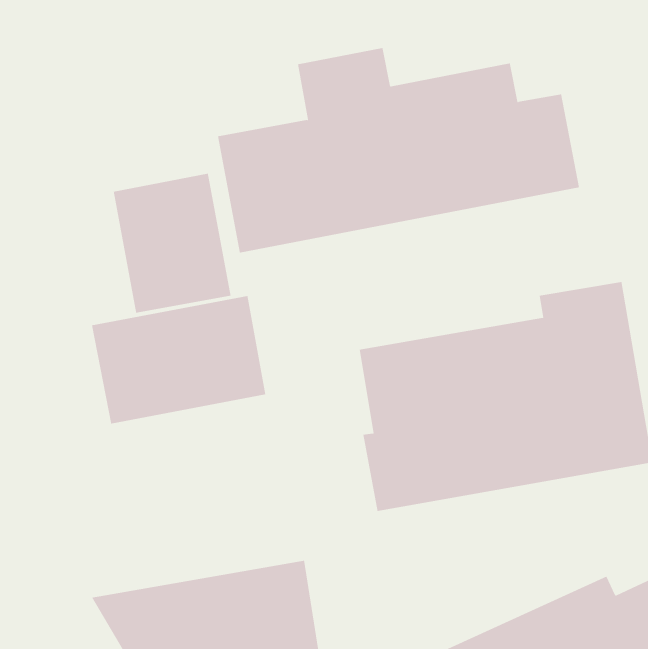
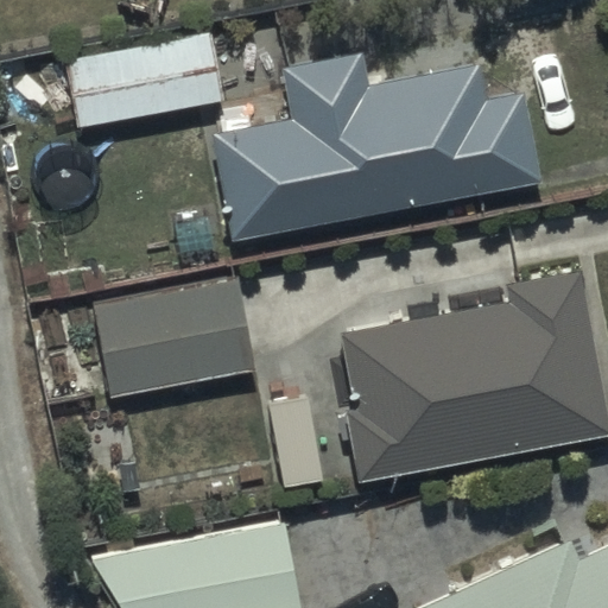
building: none -> [66,32,224,127]
building: [113,173,231,313] -> none

